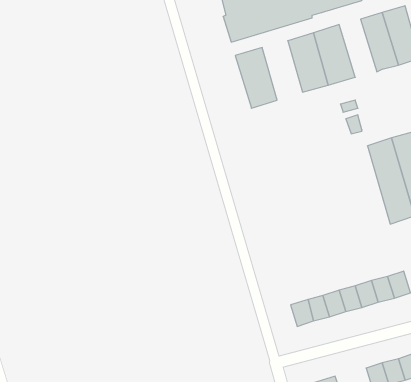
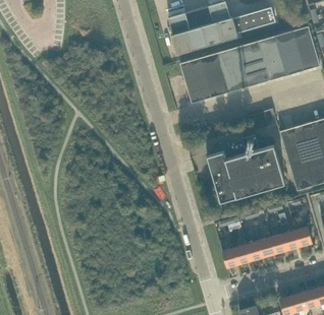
building: none -> [258,36,286,79]
building: none -> [200,52,230,97]
building: none -> [206,144,284,201]

